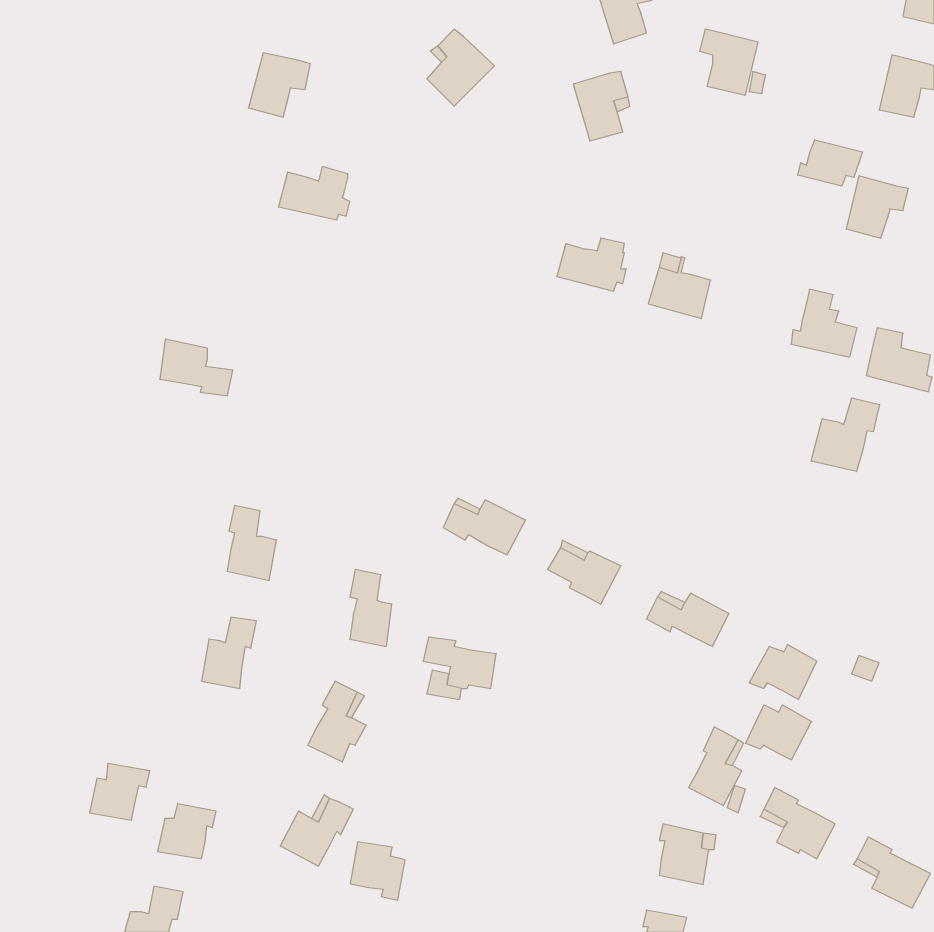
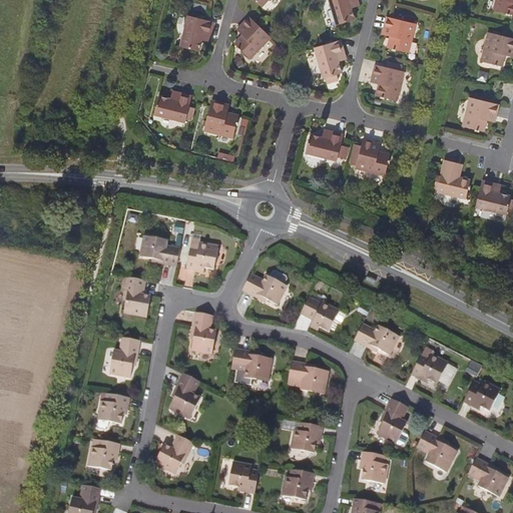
building: [248,53,311,117] -> [179,15,213,50]
building: none -> [371,63,403,100]
building: [798,140,862,186] -> none
building: none -> [203,99,237,135]
building: [160,339,233,396] -> [138,233,178,265]
building: [811,398,880,472] -> none
building: none -> [185,240,217,268]
building: none -> [289,361,328,390]
building: [746,705,812,760] -> [463,380,499,410]
building: [90,763,150,820] -> [96,393,129,424]
building: none -> [291,422,322,453]
building: [350,842,405,900] -> [227,462,258,494]
building: none -> [282,469,313,500]

